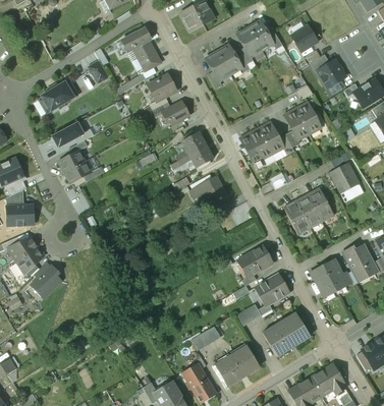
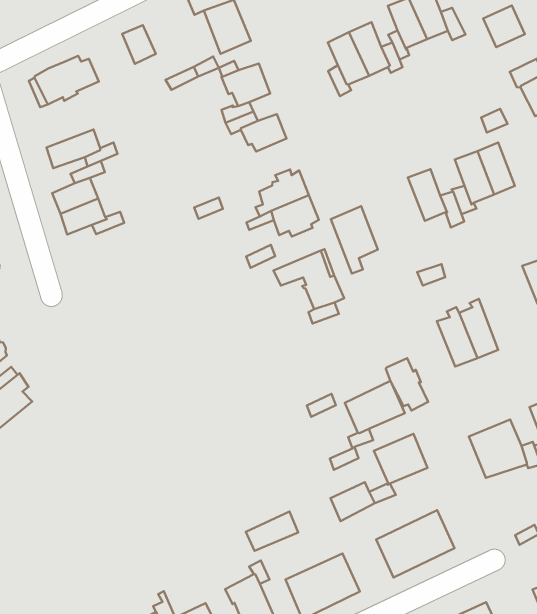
building: [243,129,272,168] -> [331,206,378,274]
building: [308,189,334,221] -> none
building: none -> [386,358,428,410]

